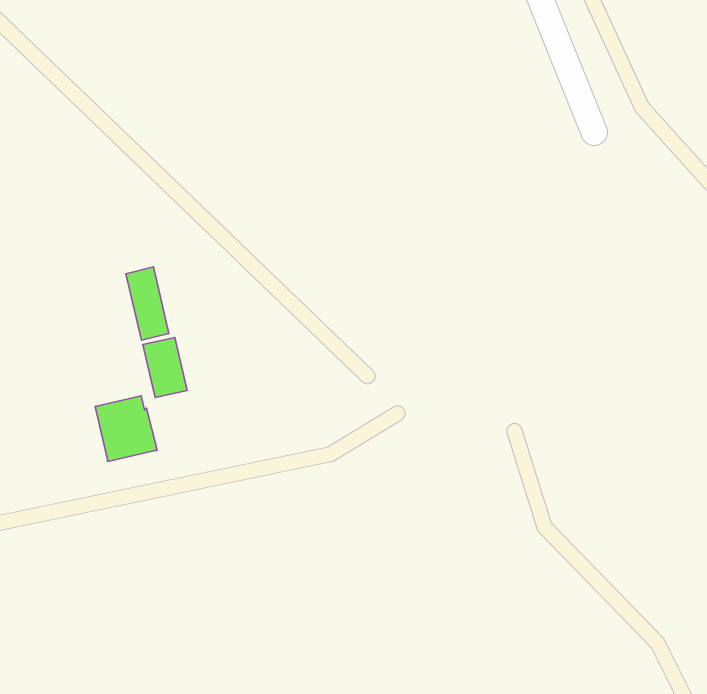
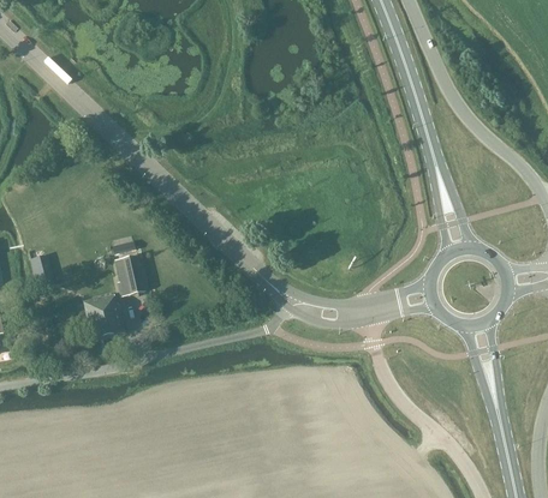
building: [126,267,169,340] -> none

